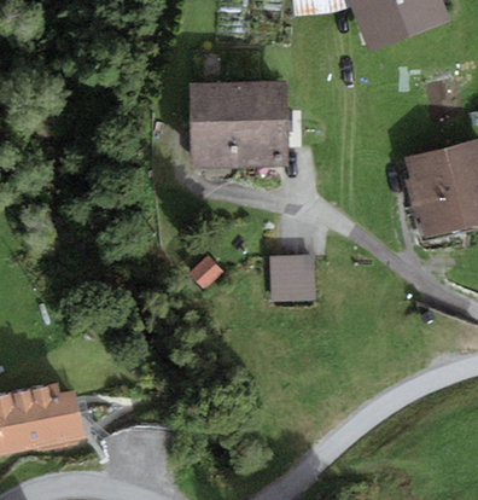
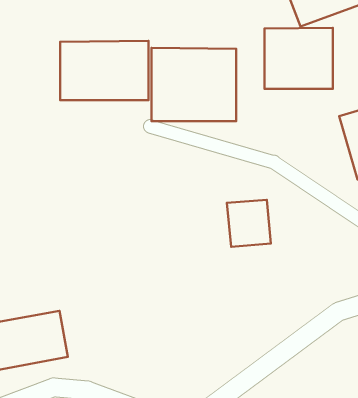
building: none -> [264,28,333,89]
building: none -> [60,41,149,100]

